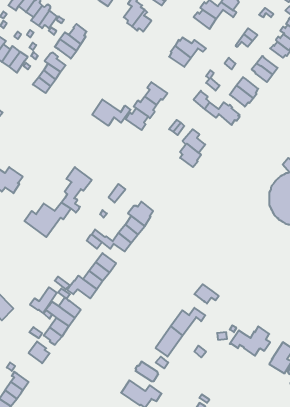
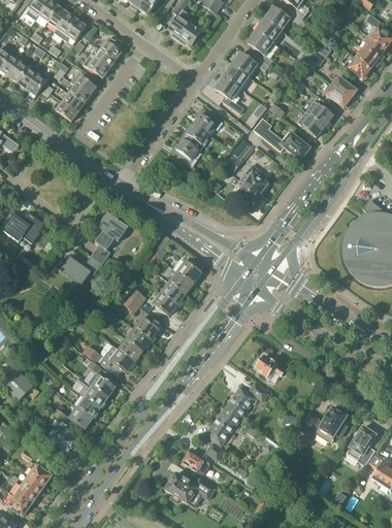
building: none -> [247,28,277,66]
building: none -> [215,75,242,113]
building: [92,99,131,126] -> none
building: [30,287,57,313] -> none

